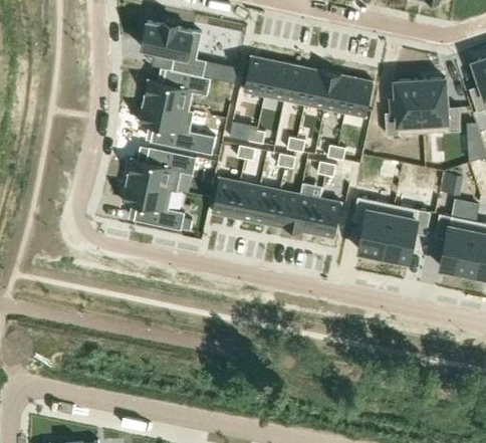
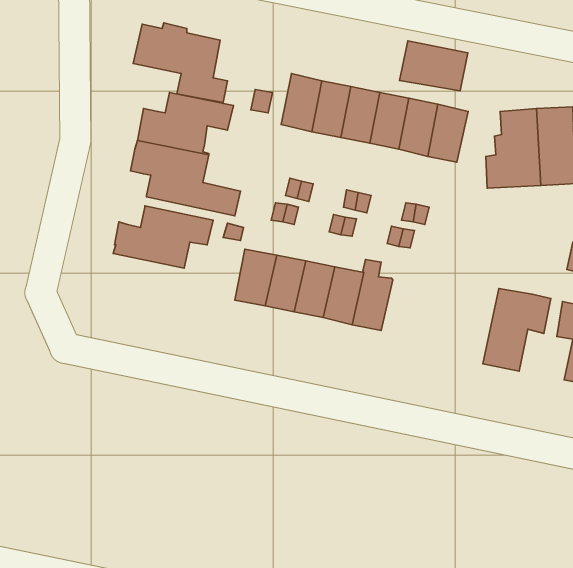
building: none -> [399,41,468,91]
building: [122,181,192,231] -> none
building: [351,197,394,257] -> none
building: [312,199,340,238] -> none

